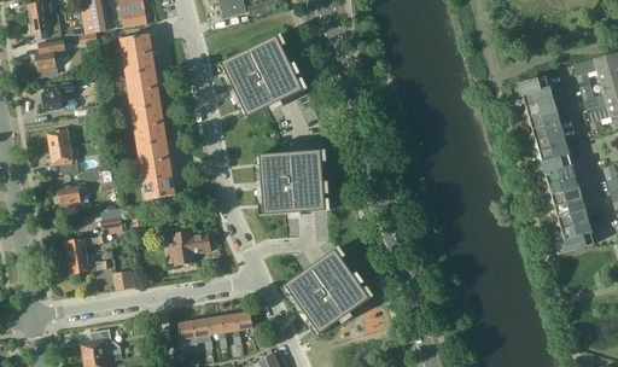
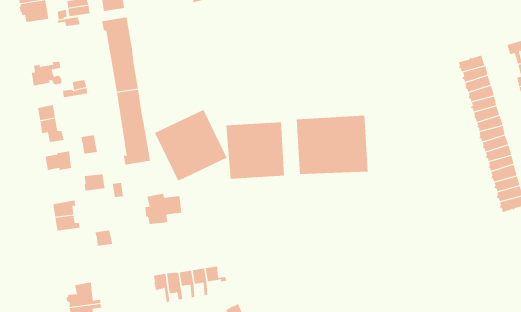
building: [221,35,303,116] -> [154,109,228,182]
building: [34,39,66,75] -> none
building: none -> [296,115,368,175]
building: [284,247,369,333] -> none

